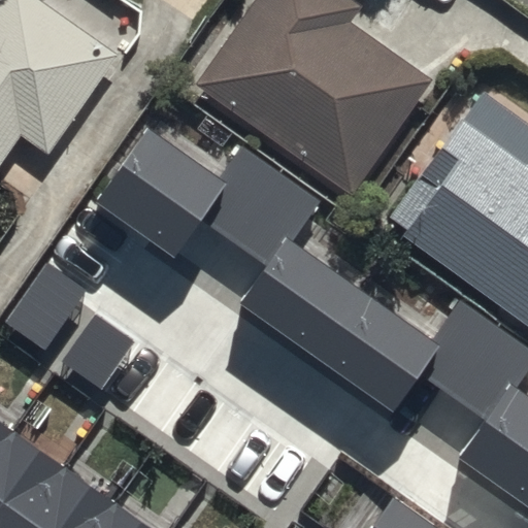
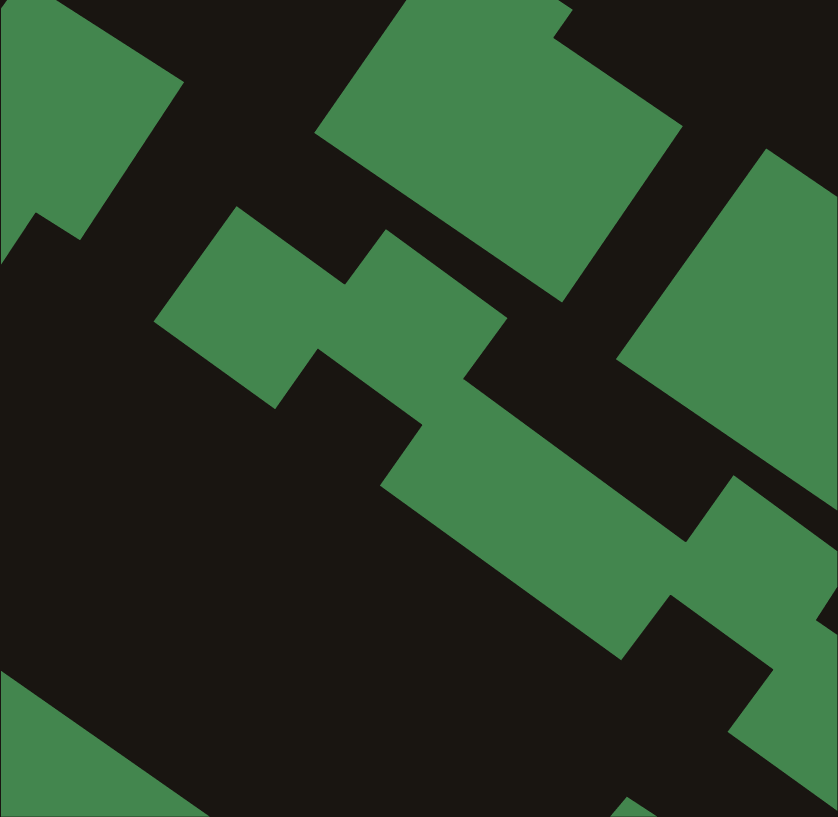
building: [6,264,133,386] -> none

